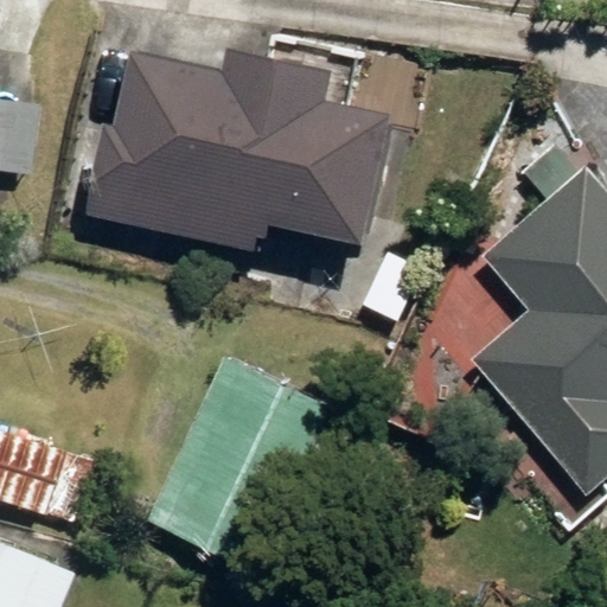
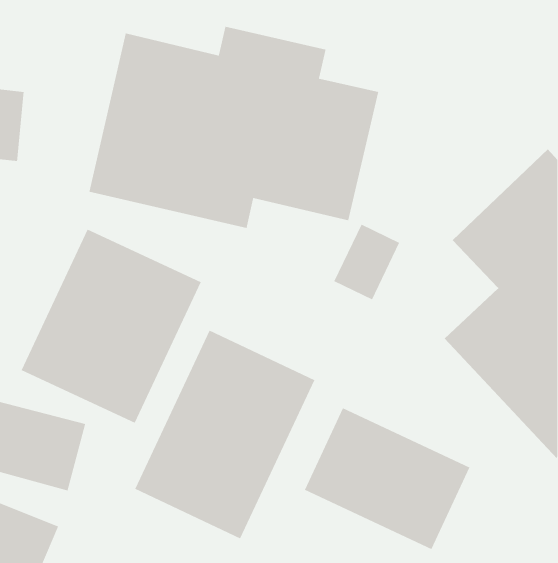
building: none -> [21,229,202,424]
building: none -> [304,407,470,550]

